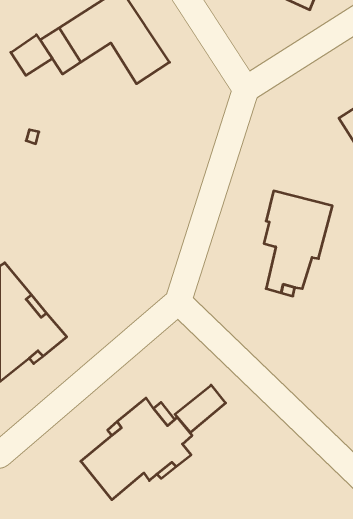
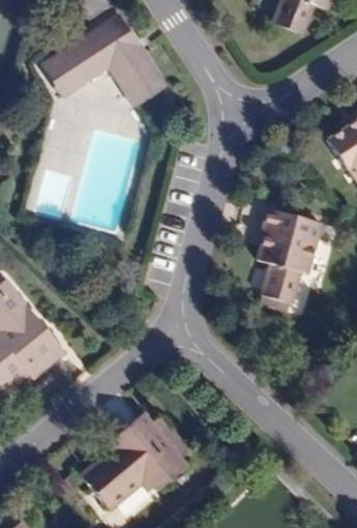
building: [11,35,52,75] -> none
building: [175,385,226,433] -> none

